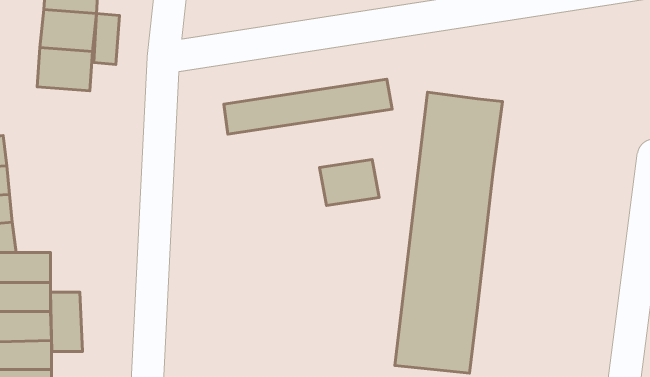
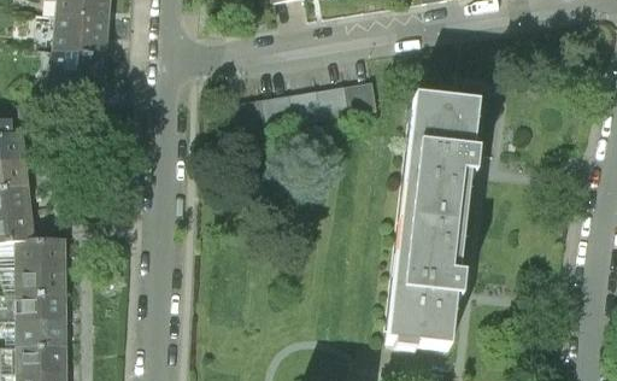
building: [94,13,119,65] -> none
building: [320,160,379,206] -> none
building: [50,292,83,352] -> none

